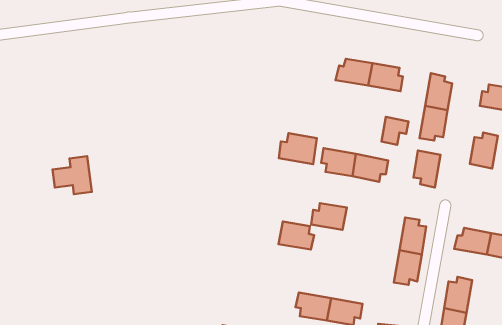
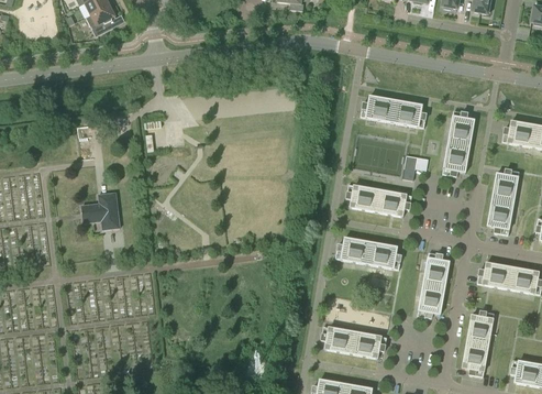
building: [279,133,317,164] -> none
building: [413,150,440,187] -> [488,198,515,234]
building: [279,222,314,250] -> [367,241,402,269]

